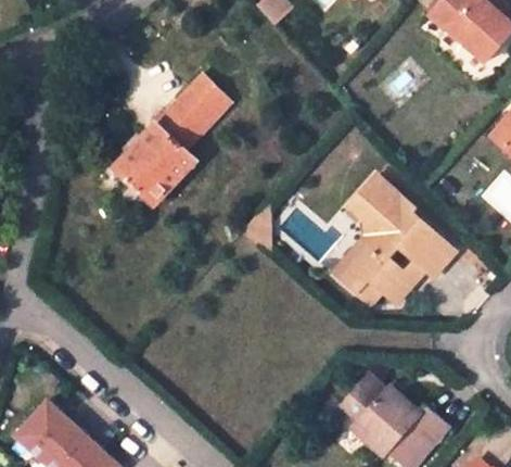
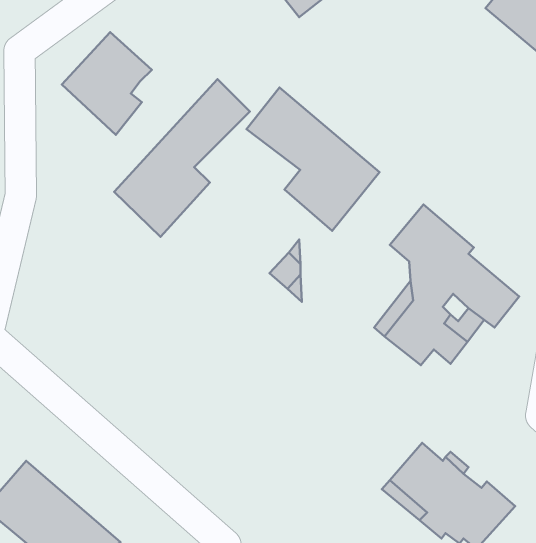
building: none -> [62,32,152,135]
building: none -> [246,88,380,231]

